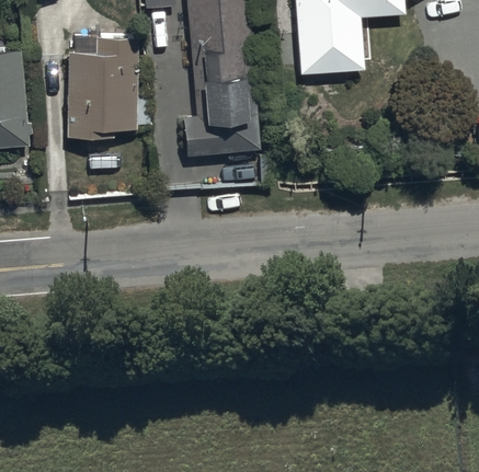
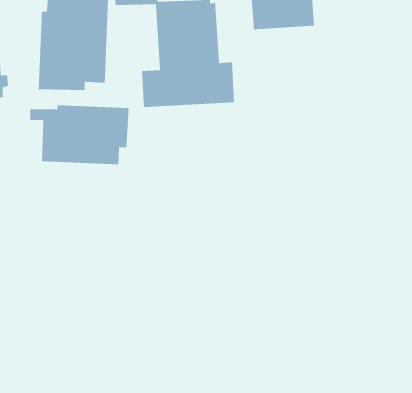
building: none -> [29,105,129,165]

